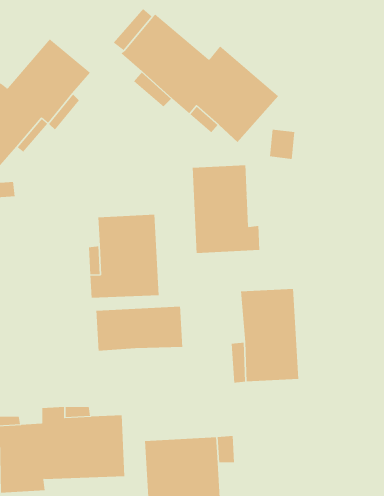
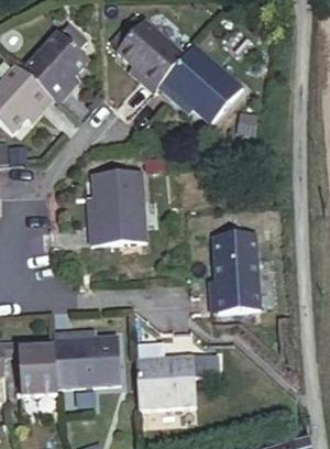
building: [192,165,260,254] -> none
building: [96,306,183,351] -> none

